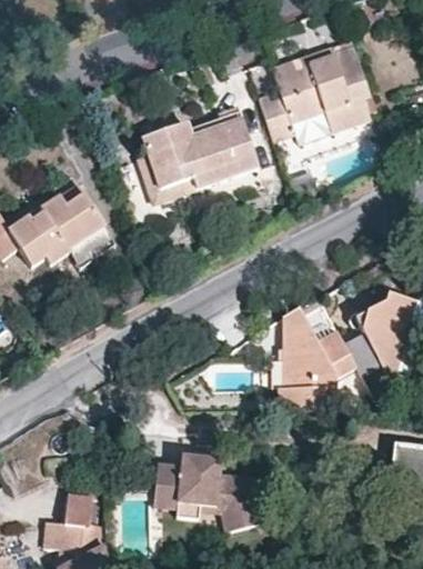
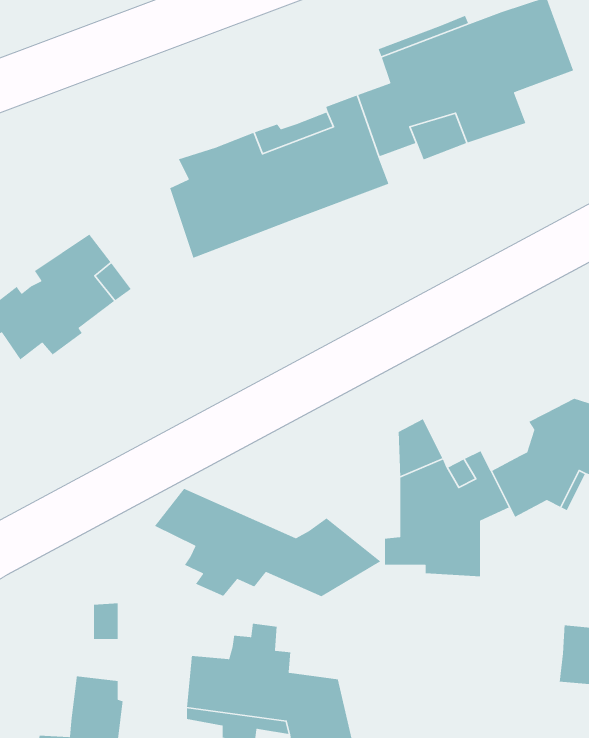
building: none -> [154,488,381,597]

